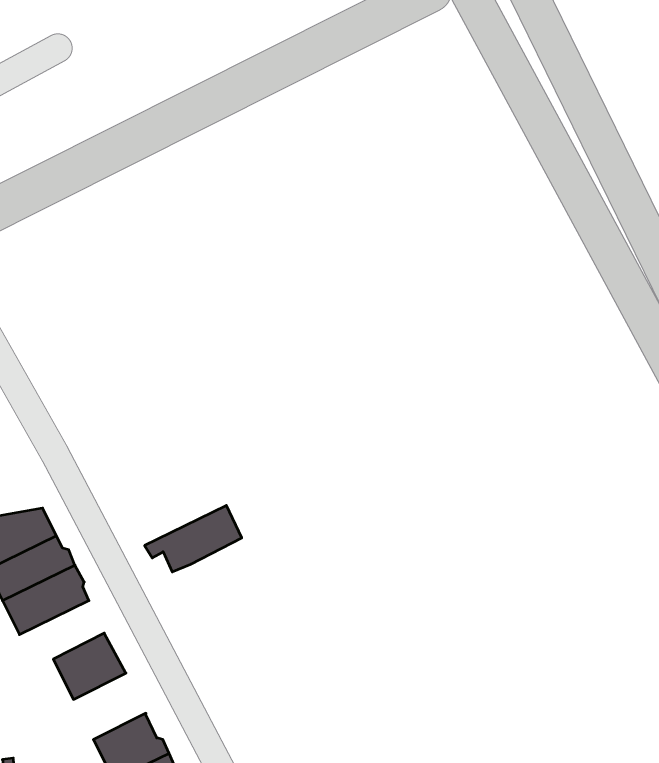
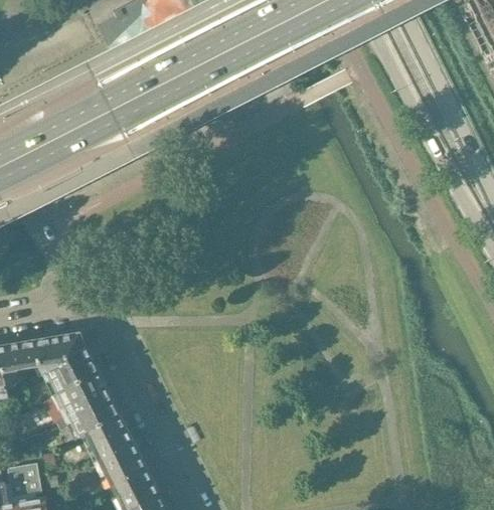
building: [145,505,242,572] -> [54,393,118,437]
building: none -> [98,441,145,484]

